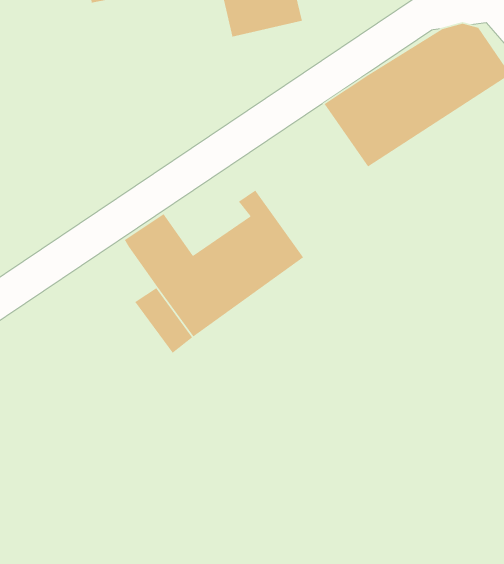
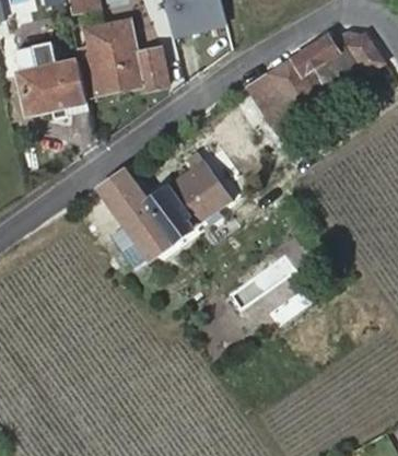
building: none -> [82,20,169,95]
building: none -> [14,45,85,120]

